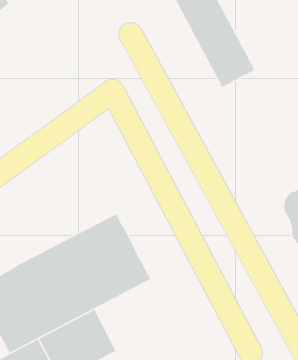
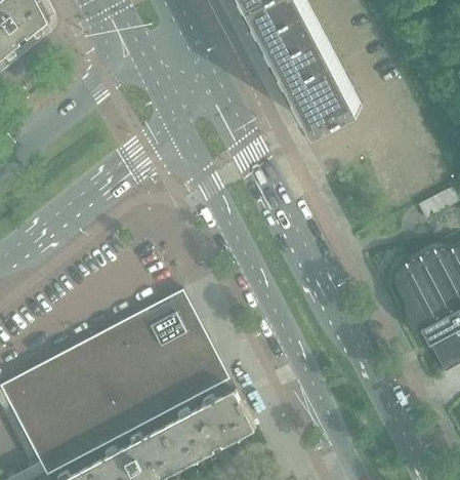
building: none -> [154,375,254,468]

